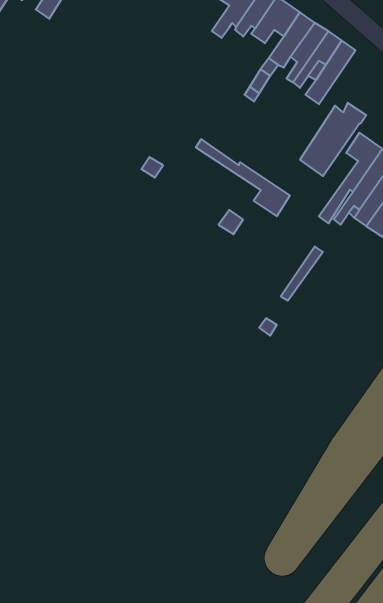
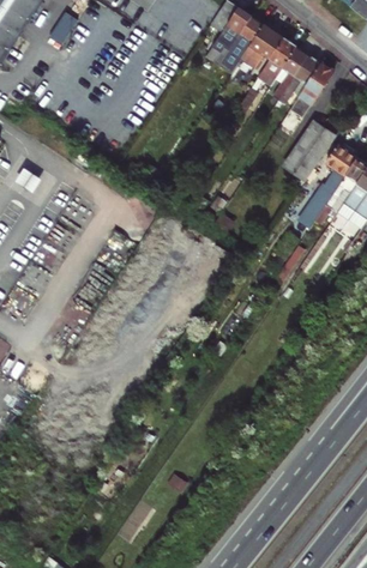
building: [196,139,290,216] -> none

